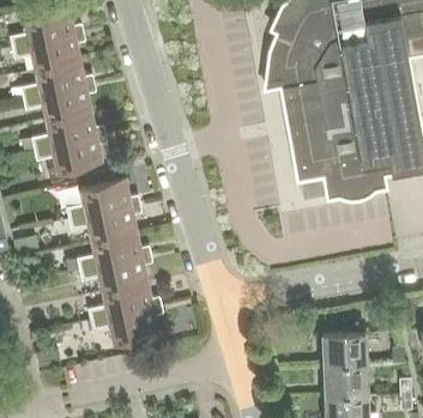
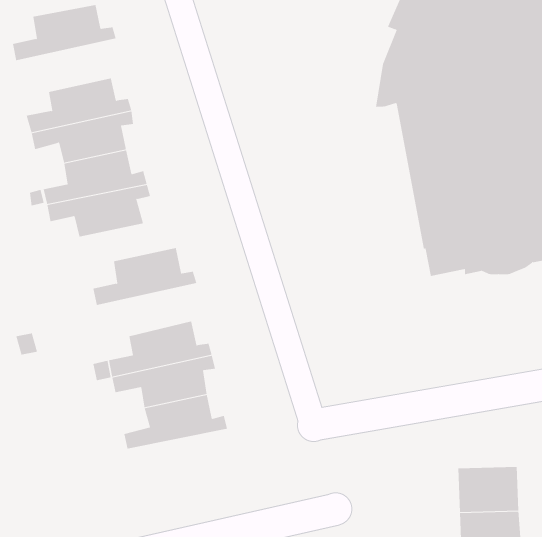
building: [13,34,85,71] -> none
building: [70,205,141,242] -> none
building: [91,307,164,344] -> none

